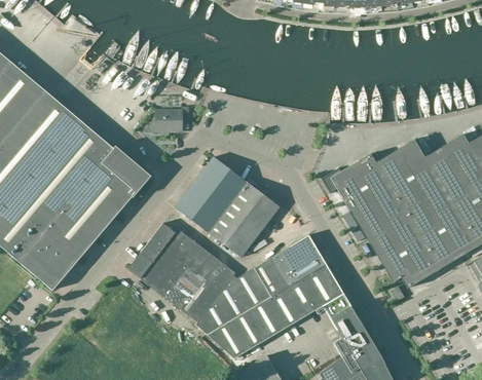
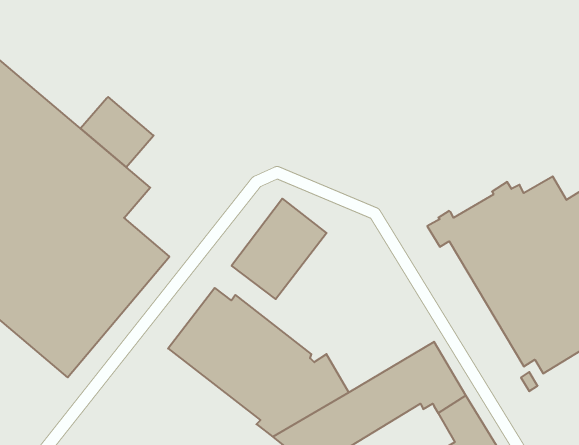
building: [155,106,188,131] -> none
building: [95,147,149,199] -> [81,97,154,167]
building: [208,182,279,257] -> none
building: [246,234,326,300] -> none

